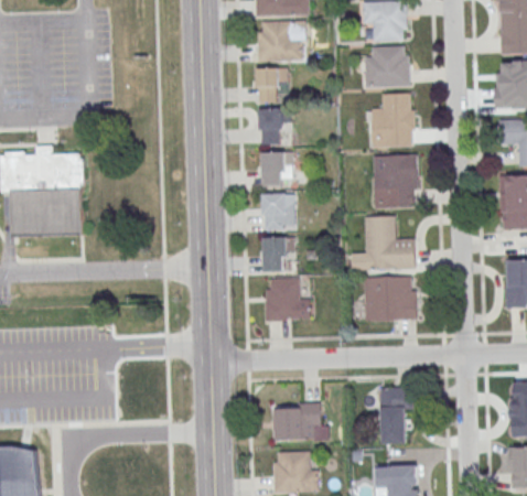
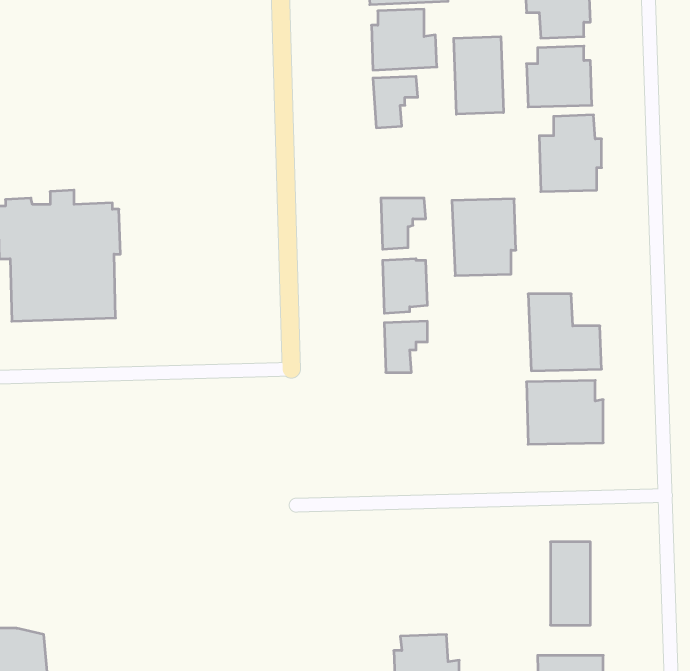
building: none -> [454,37,503,114]
building: [261,108,291,143] -> none
building: [374,154,418,207] -> [452,199,516,276]
building: [265,278,311,321] -> none
building: [276,403,320,440] -> none

